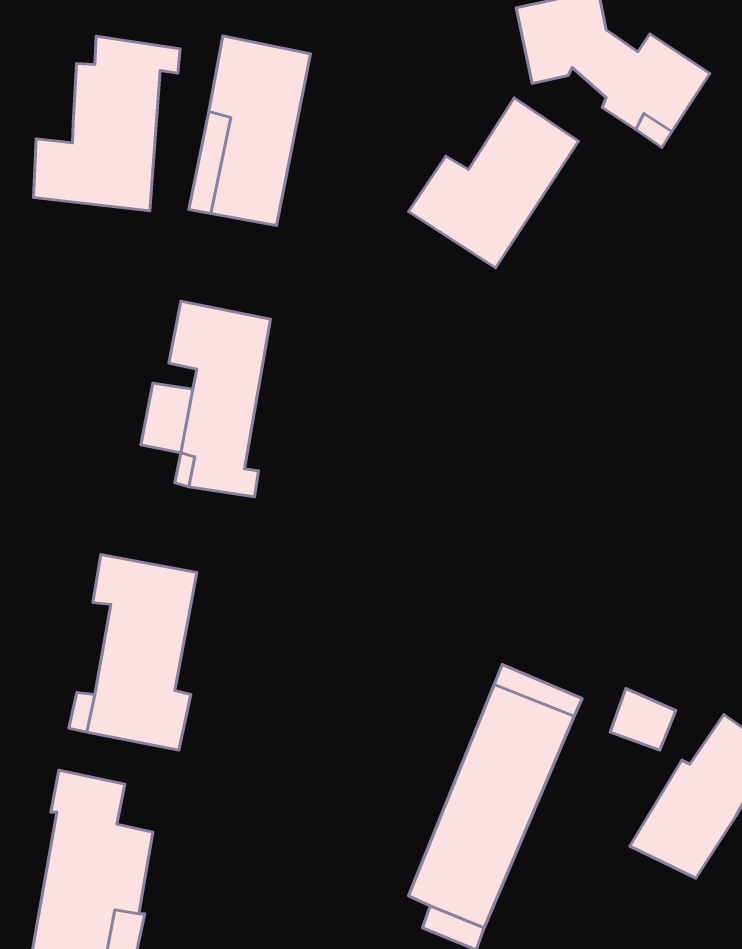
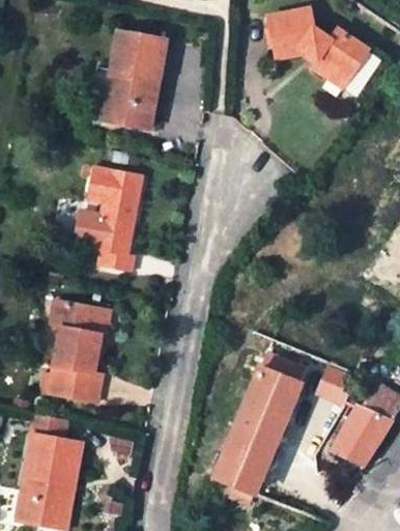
building: [34,36,180,211] -> none
building: [408,98,578,268] -> none

